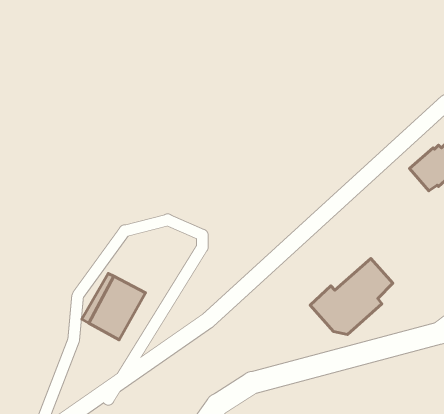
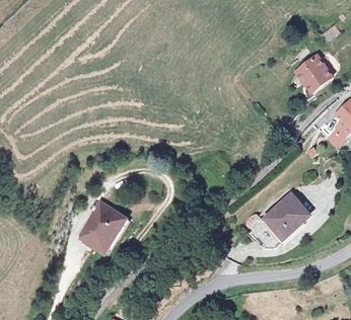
building: none -> [294,51,332,89]

